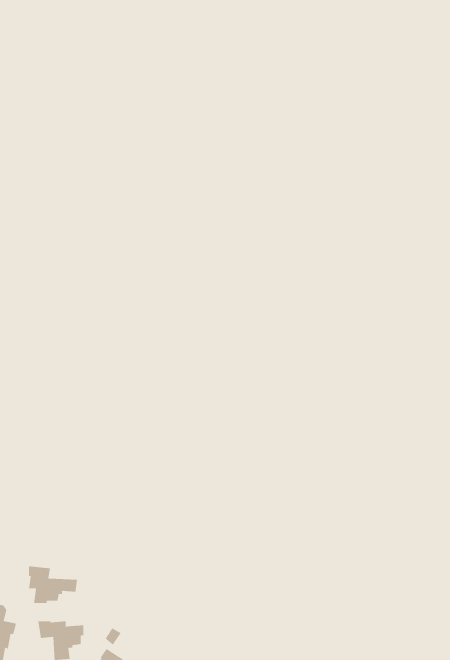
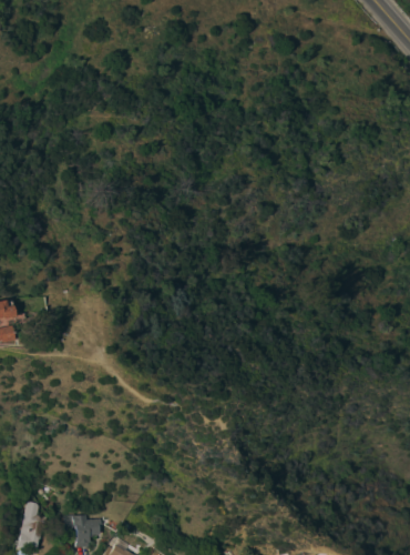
building: [29,566,78,604] -> none

